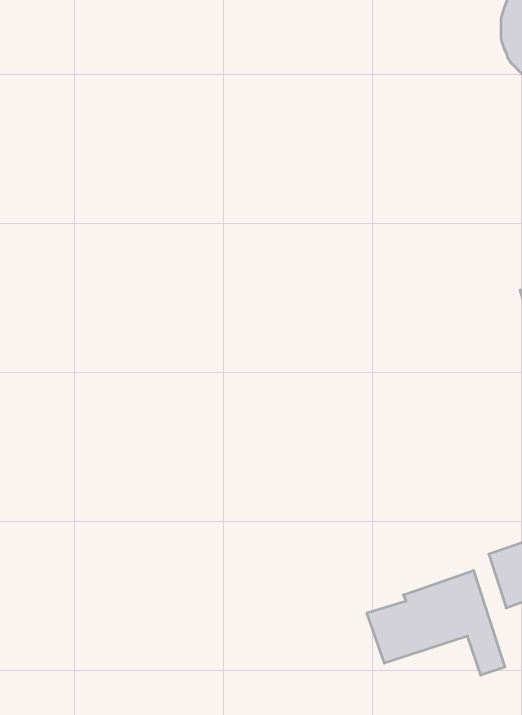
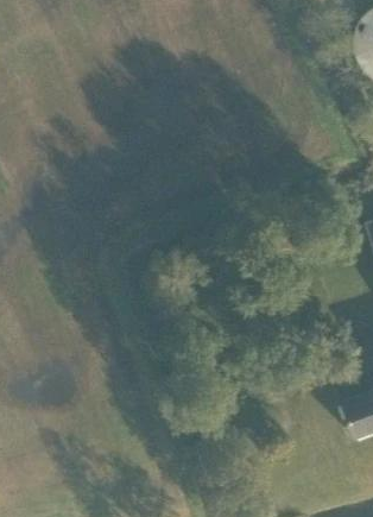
building: [367,570,505,675] -> none

